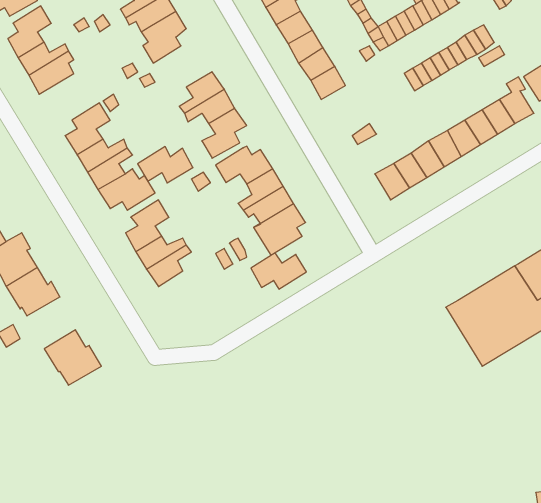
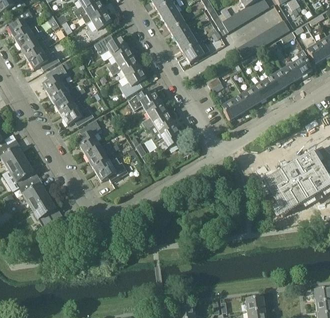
building: none -> [27,47,60,70]
building: [138,147,193,183] -> [95,34,127,55]
building: [251,253,306,289] -> [96,161,128,182]
building: none -> [20,176,48,206]

